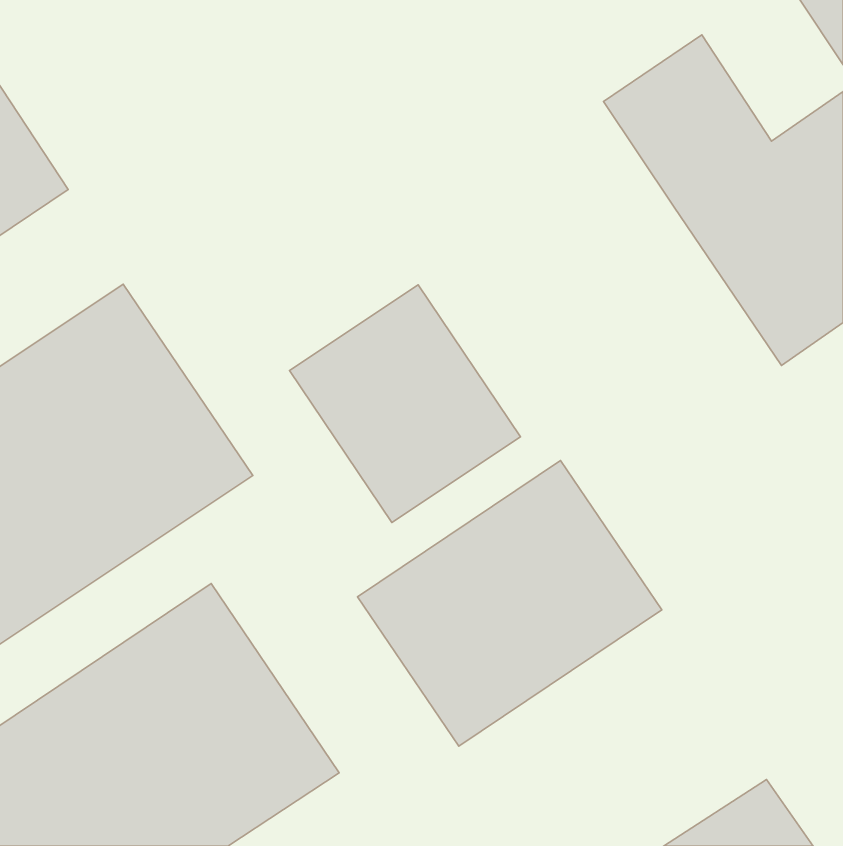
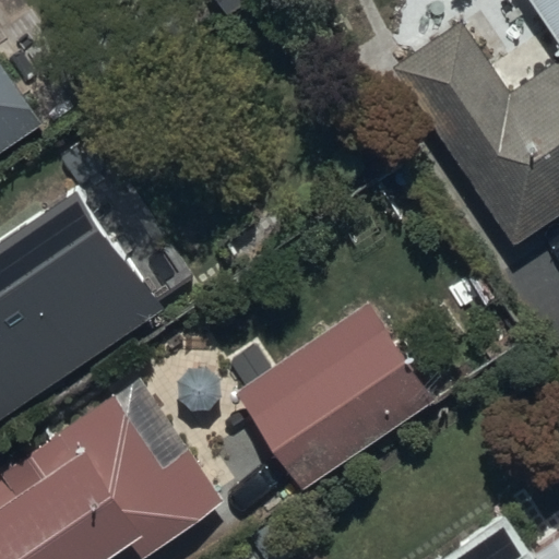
building: [290,285,521,523] -> none

